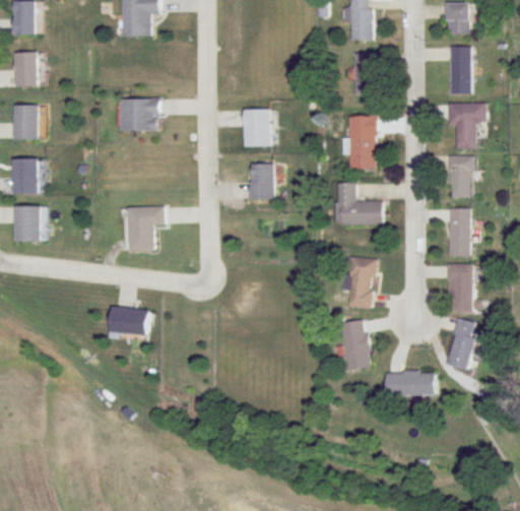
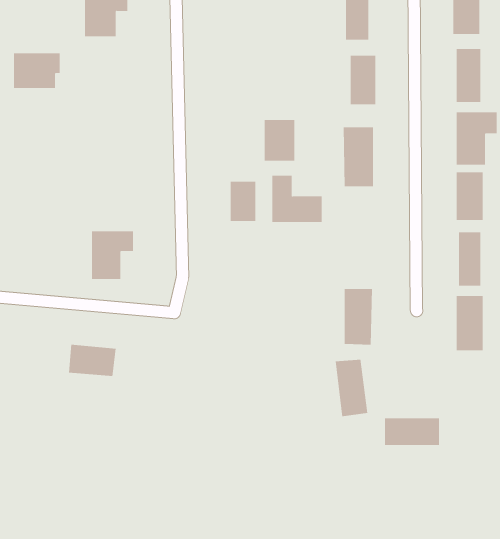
building: [120,99,161,130] -> [13,53,61,89]
building: [242,111,269,147] -> [264,120,295,161]
building: [337,183,382,225] -> [272,175,322,222]
building: [446,319,476,371] -> none

